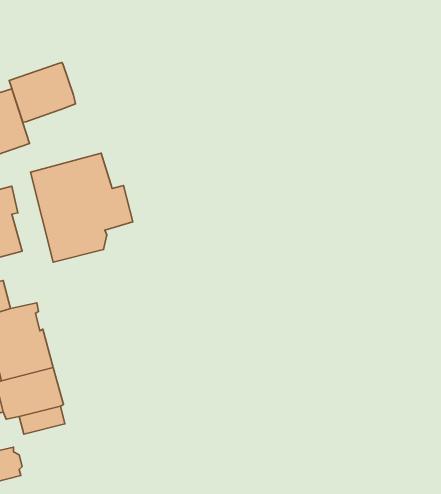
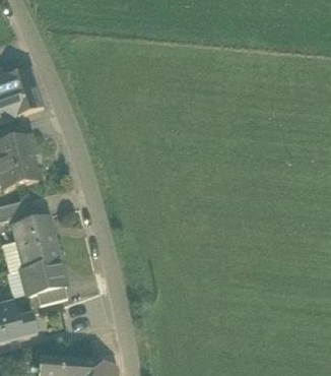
building: [9,62,75,122] -> none
building: [30,153,133,262] -> none

